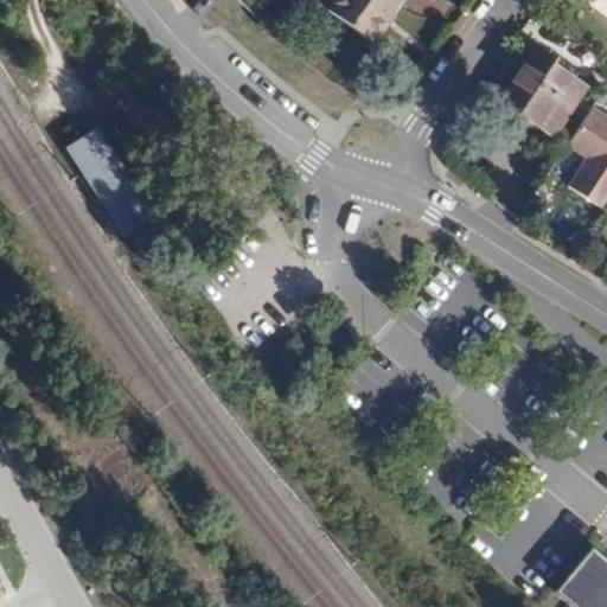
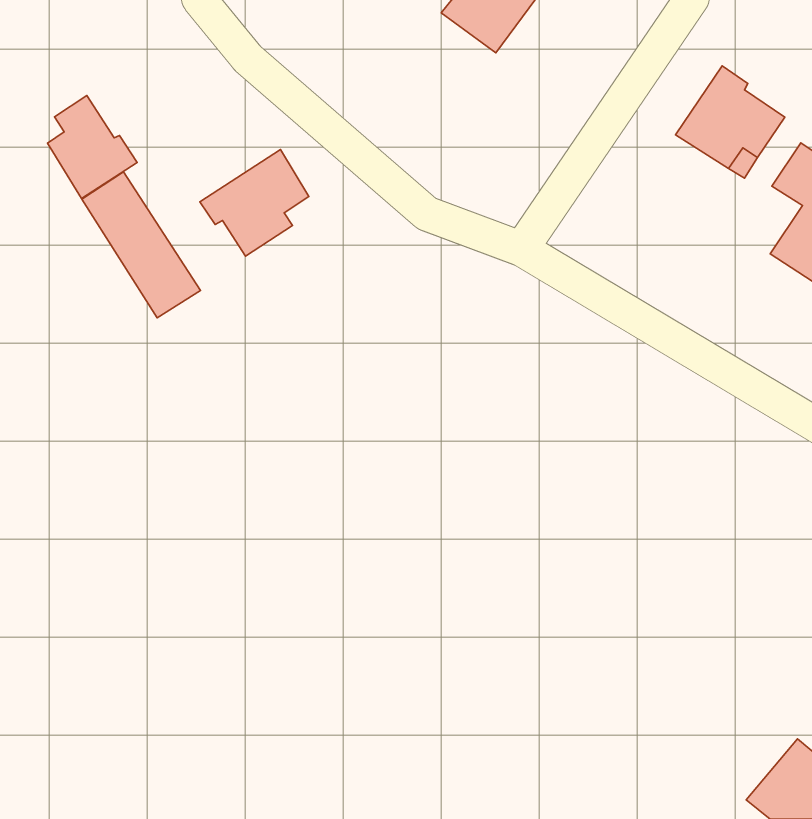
building: none -> [47,96,137,198]
building: none -> [200,149,309,256]

